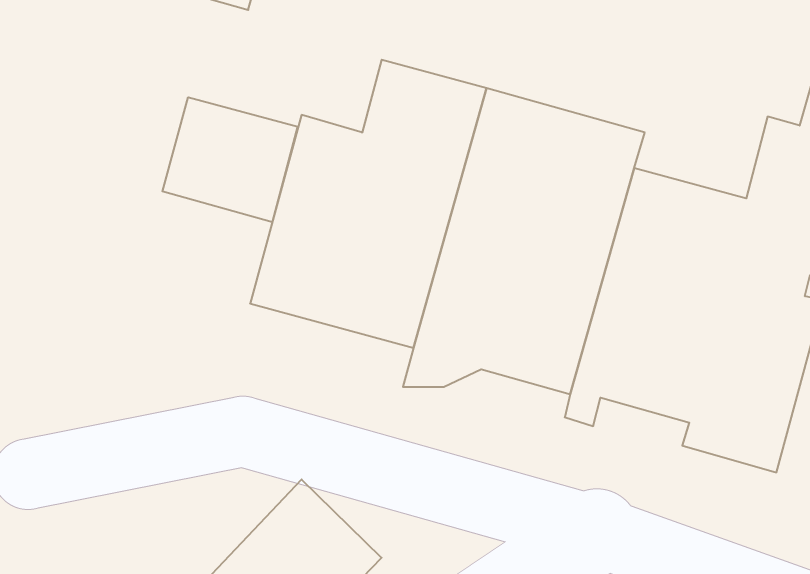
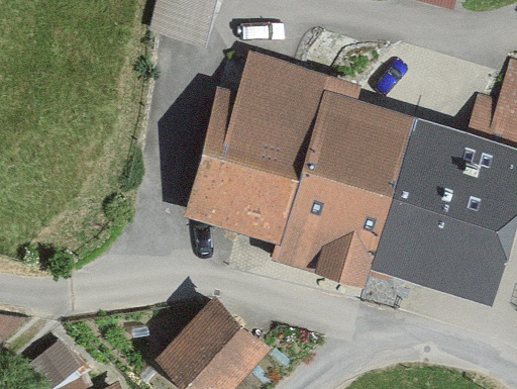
building: [162,97,297,222] -> none

